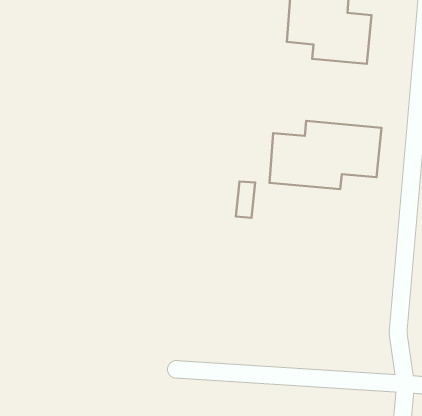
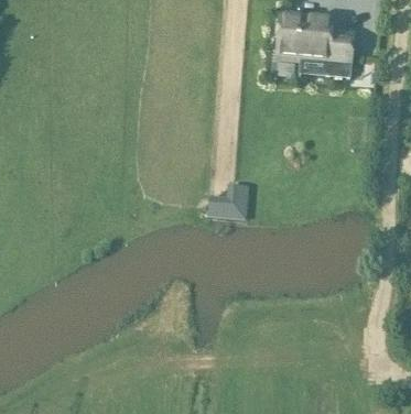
building: [269,121,382,189] -> none

